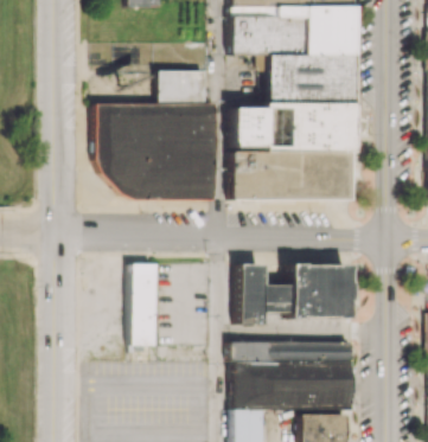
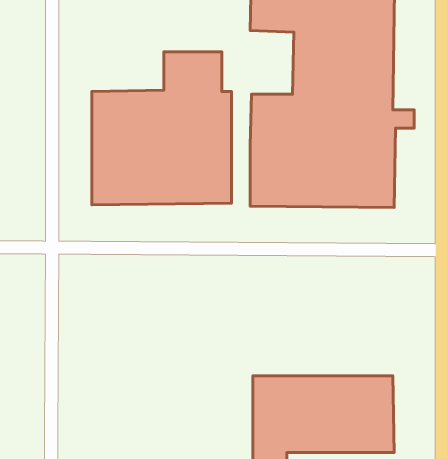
building: [133,263,158,345] -> none
building: [241,263,350,324] -> none

